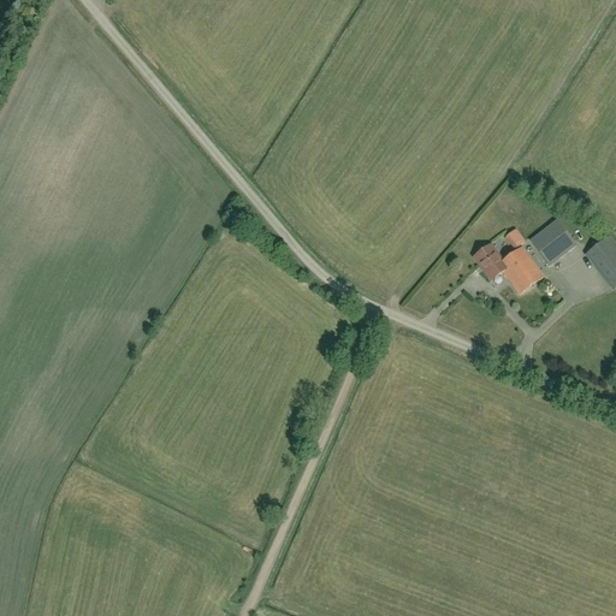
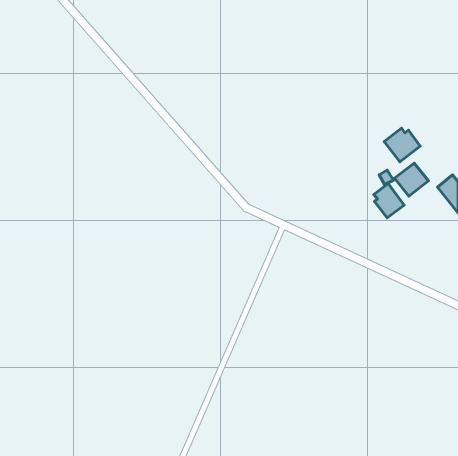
building: none -> [384,128,420,162]
building: [474,244,507,279] -> none

